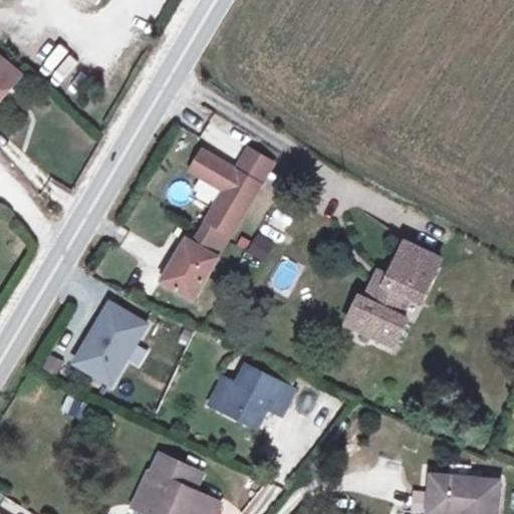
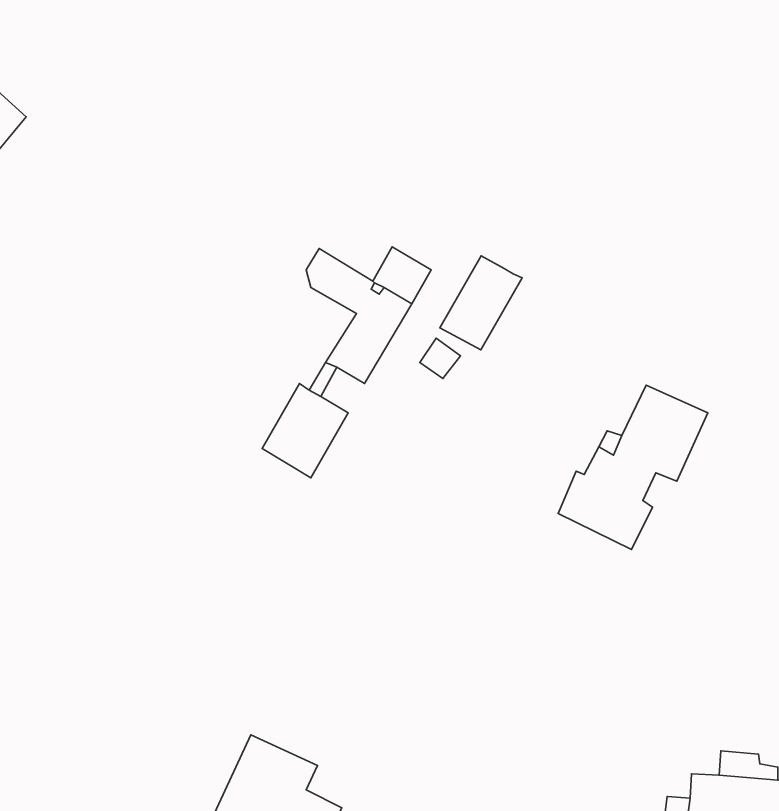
building: none -> [440,256,522,350]
building: [74,300,146,381] -> none
building: [210,367,292,429] -> none

